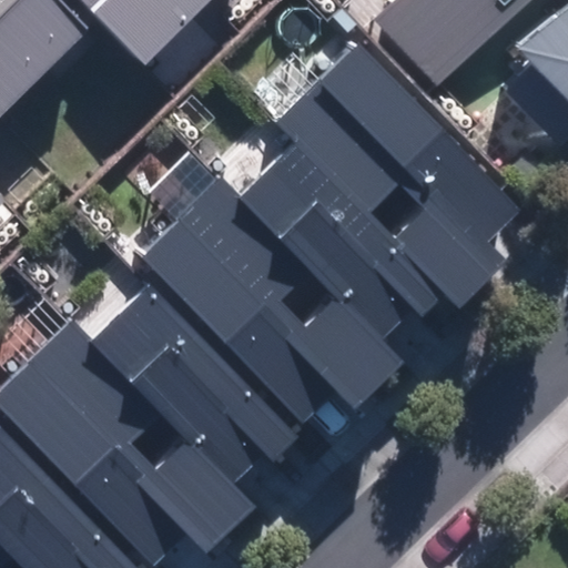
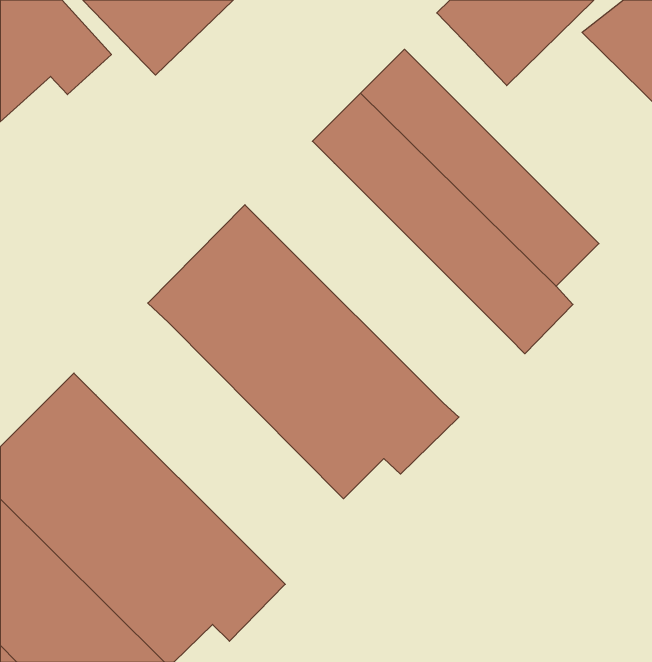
building: [239,140,445,345] -> none
building: [91,276,303,479] -> none

